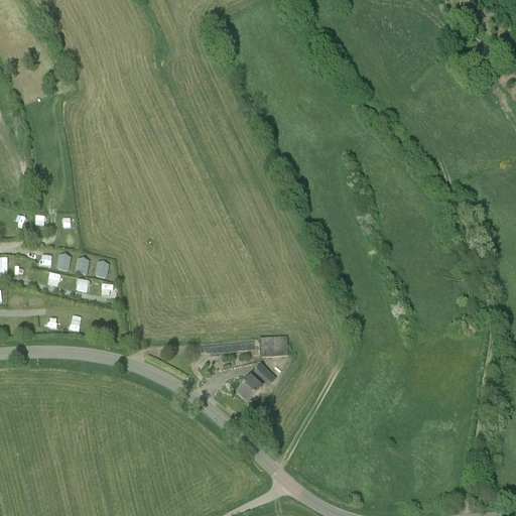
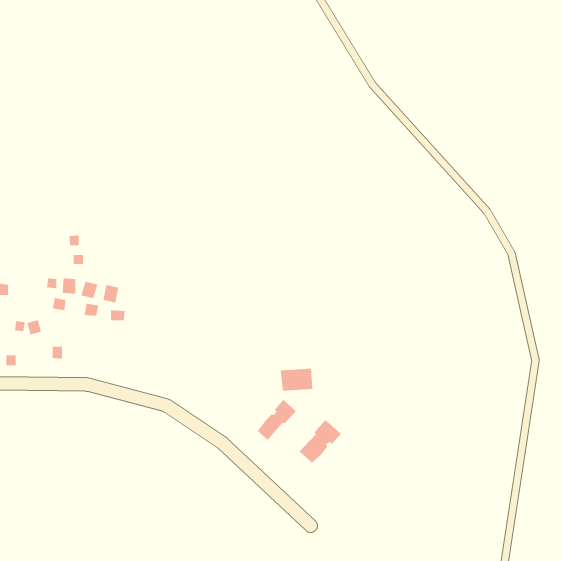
building: none -> [299,419,342,463]

